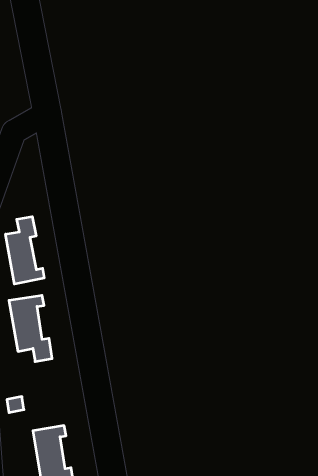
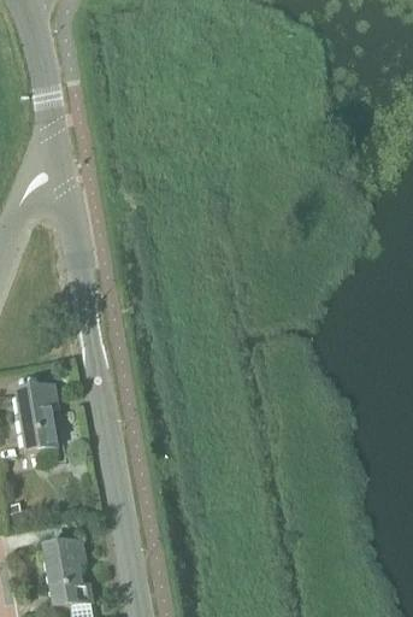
building: [6,217,44,284] -> none

